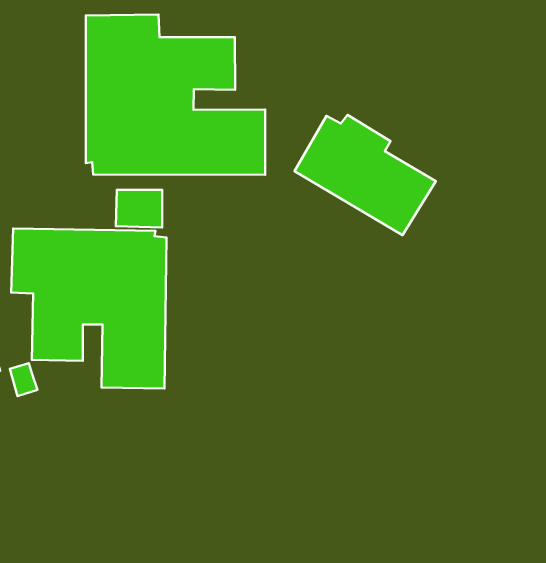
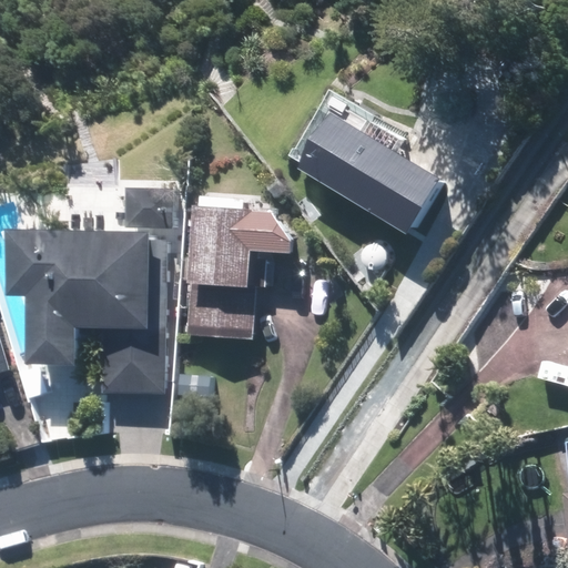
building: [86,14,265,175] -> none
building: none -> [187,205,296,336]

